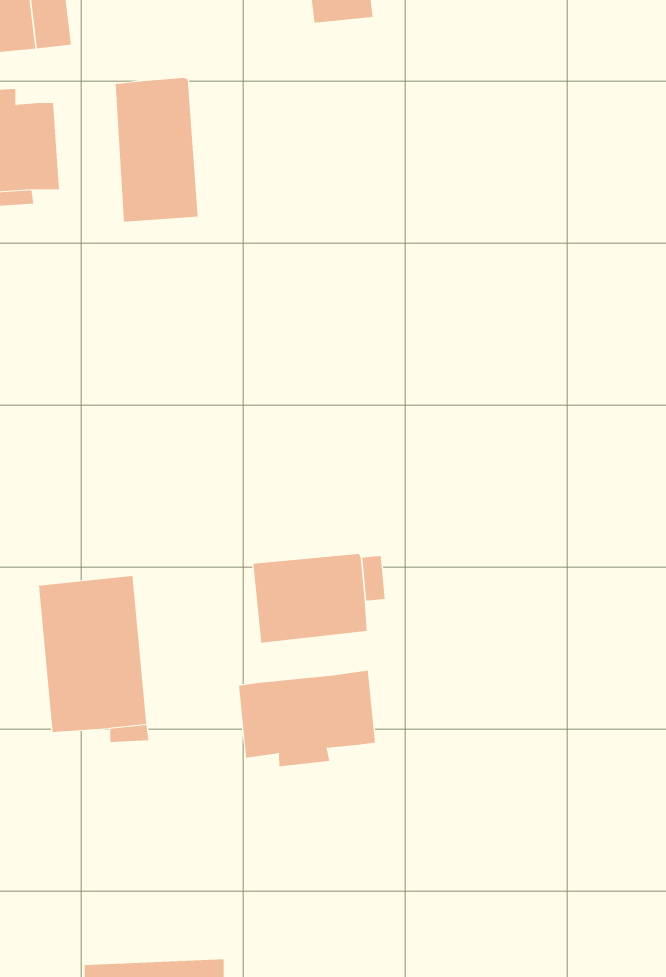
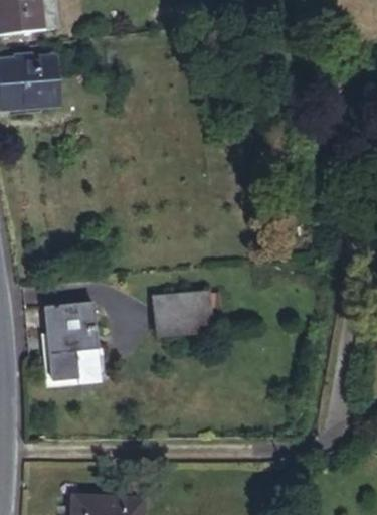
building: [115,77,198,222] -> none
building: [238,670,375,767] -> none

